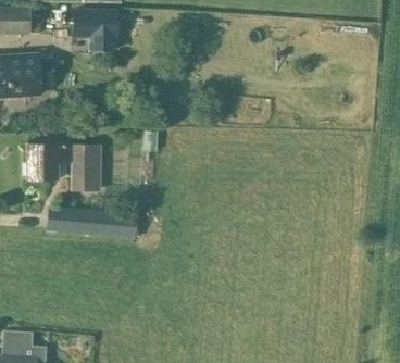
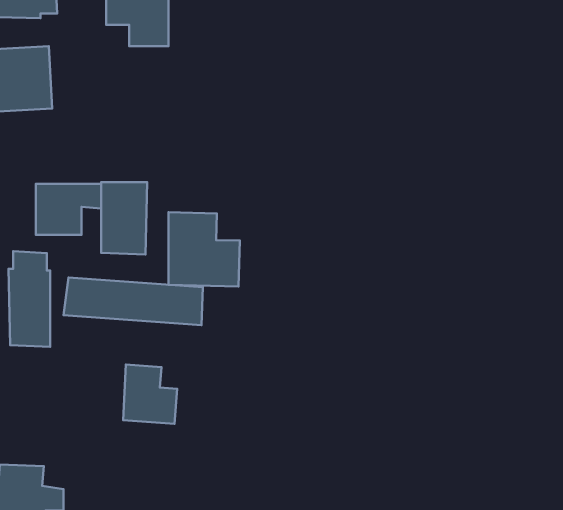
building: none -> [168,212,240,286]
building: none -> [9,251,50,347]
building: none -> [123,365,177,424]

